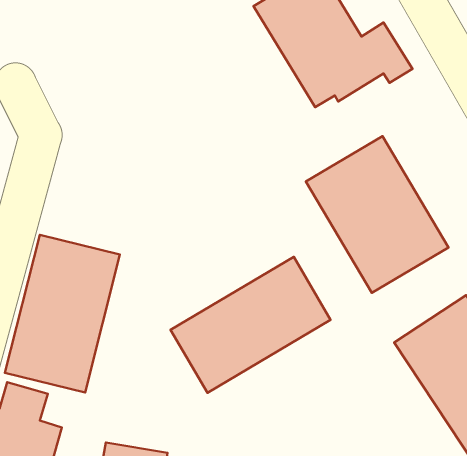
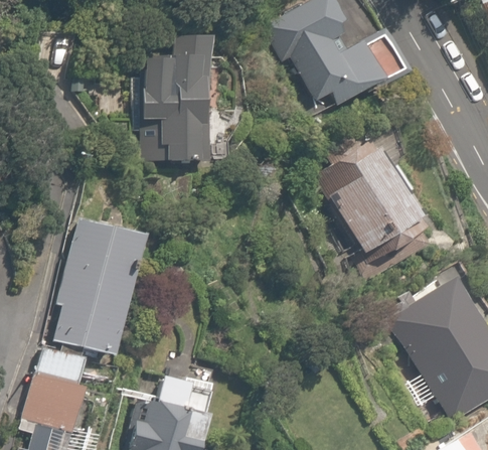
building: none -> [137,49,220,167]
building: [171,257,330,393] -> none

